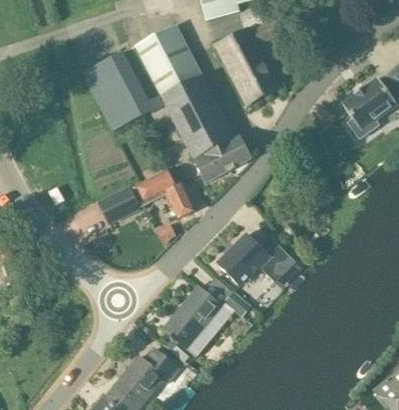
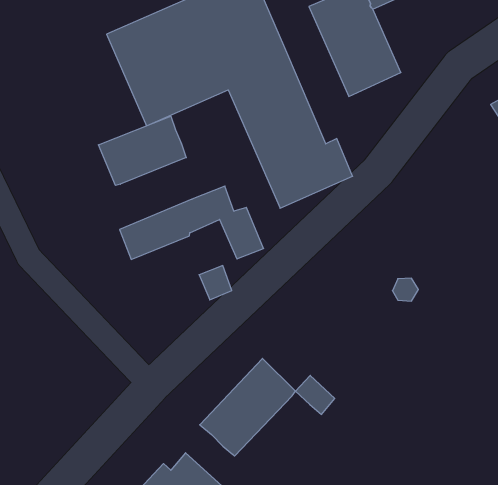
building: none -> [98,116,186,185]
building: [217,232,295,286] -> none

